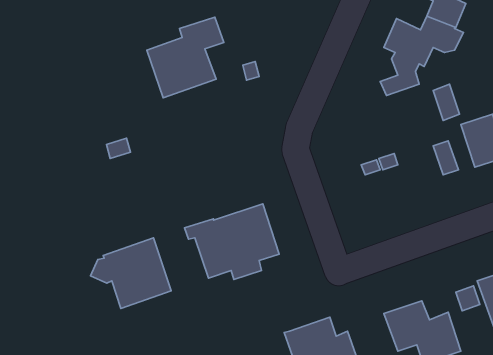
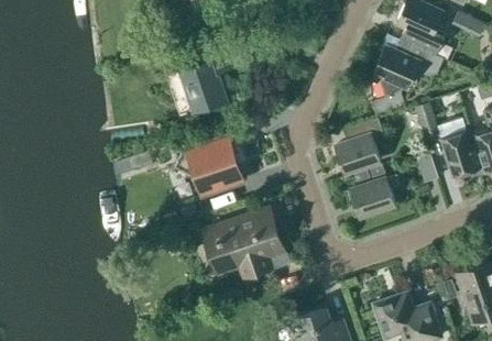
building: none -> [335,118,385,173]
building: none -> [350,175,400,217]
building: [90,238,171,309] -> [174,134,244,196]

